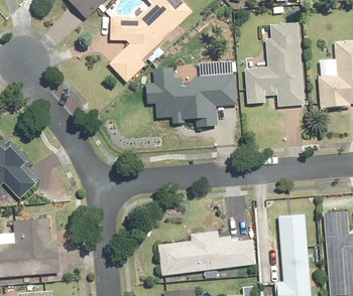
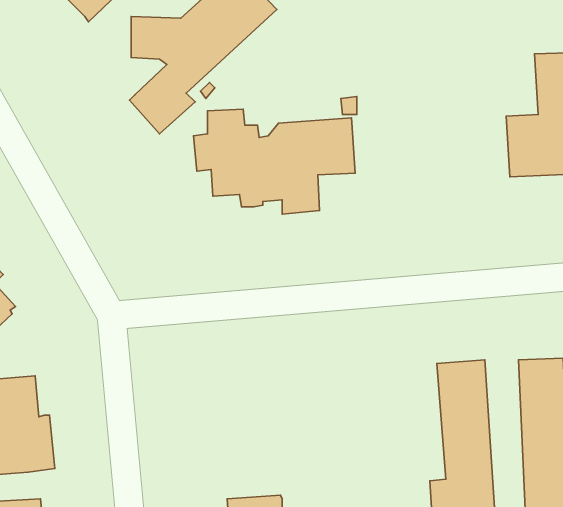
building: [245,19,304,106] -> none
building: [152,230,250,274] -> none

